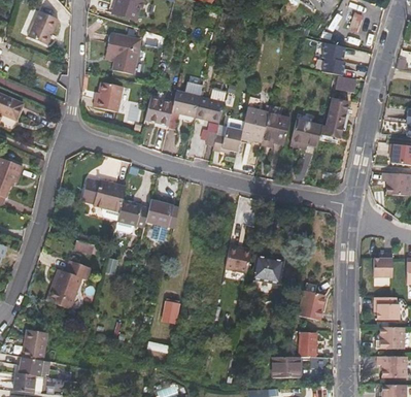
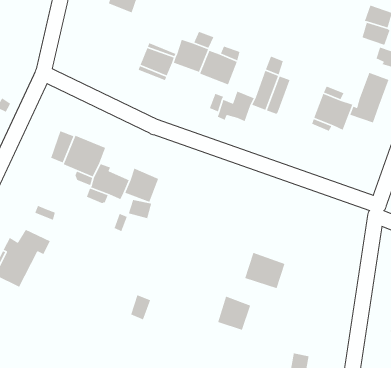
building: [93,81,123,111] -> none
building: [262,112,289,144] -> none
building: [226,242,251,269] -> [217,296,251,331]
building: [298,291,321,320] -> none

